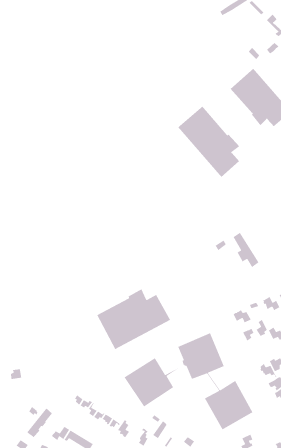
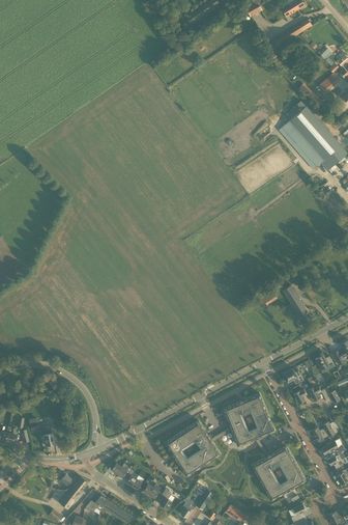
building: [177,106,240,178] -> none
building: [96,288,171,350] -> none

